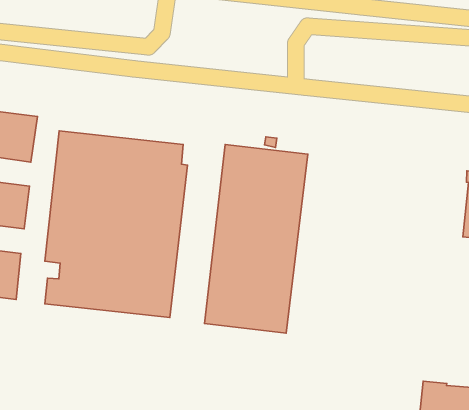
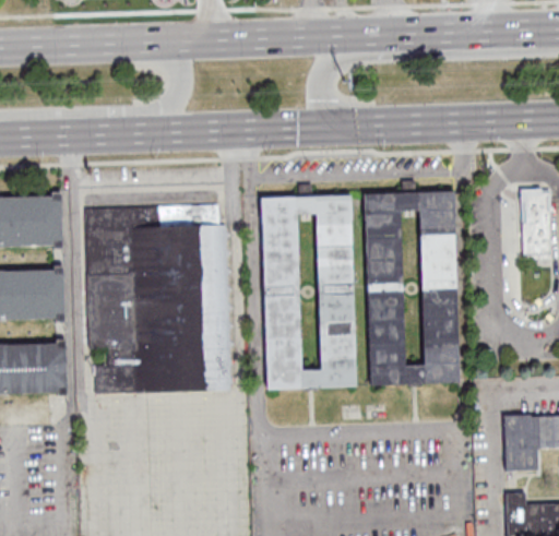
building: none -> [366,192,459,383]

